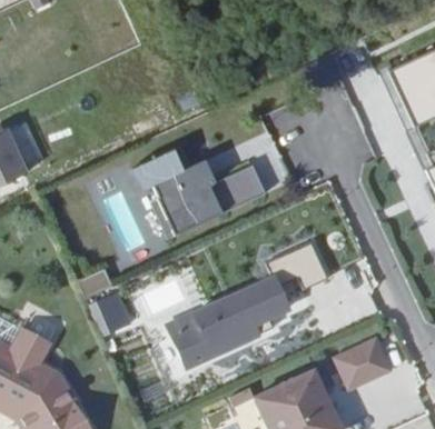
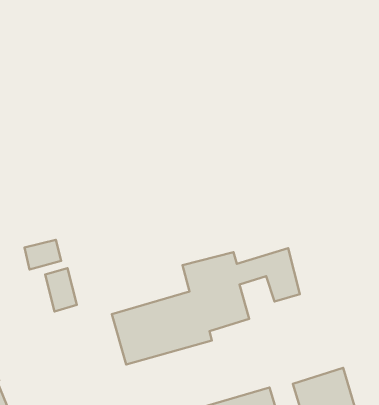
building: [136,149,268,238] -> none

